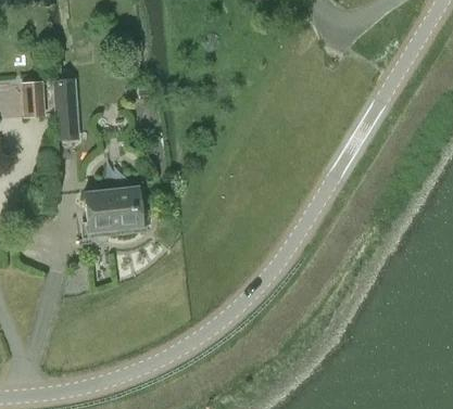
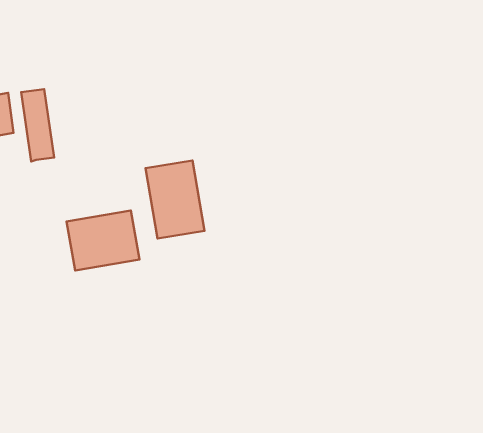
building: none -> [145,160,205,239]

